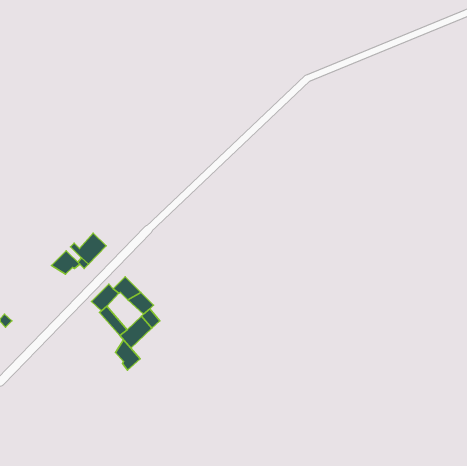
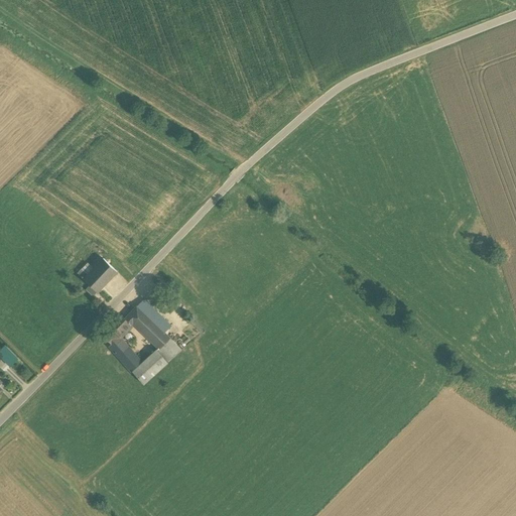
building: [51,251,80,274] -> none
building: [116,340,140,370] -> none

